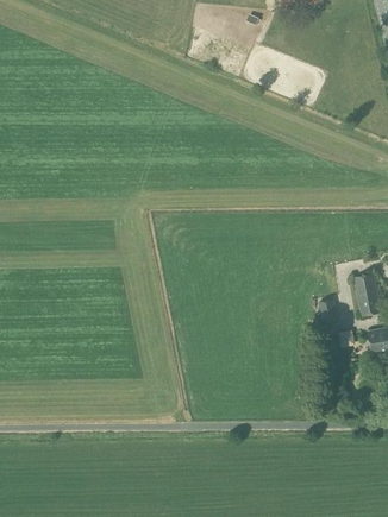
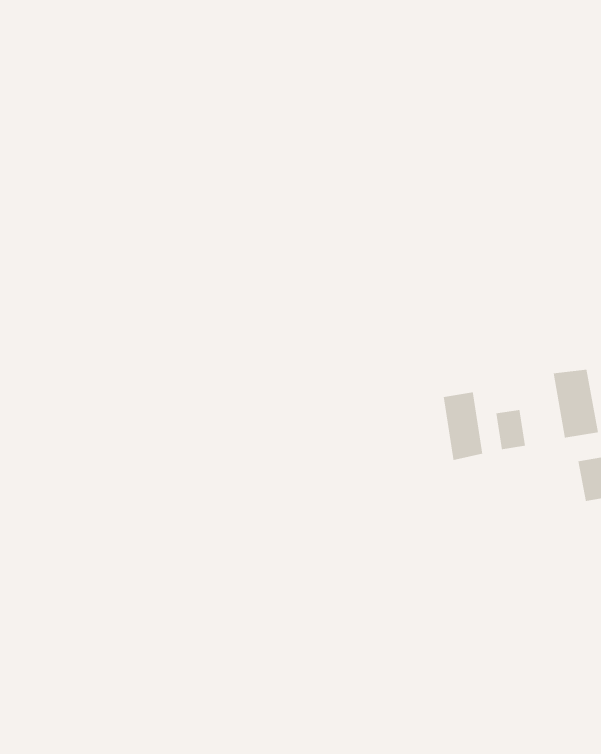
building: none -> [443,392,483,461]

